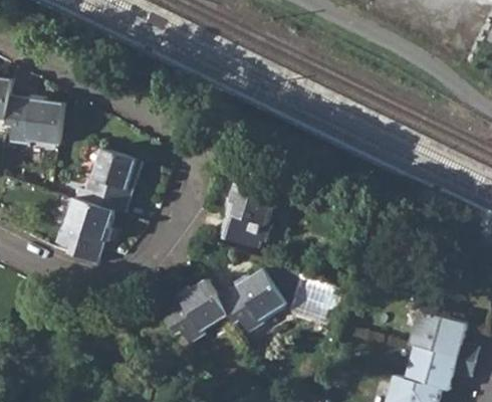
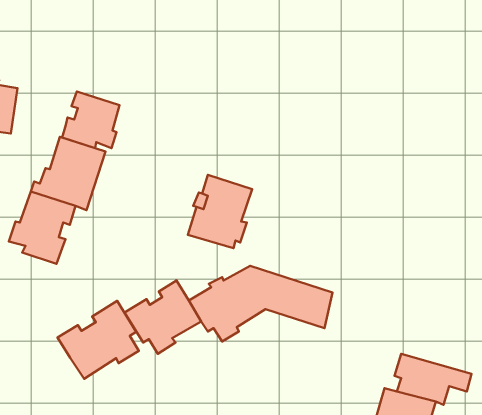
building: none -> [62,92,120,148]
building: none -> [58,301,139,379]
building: [409,310,476,363] -> none

